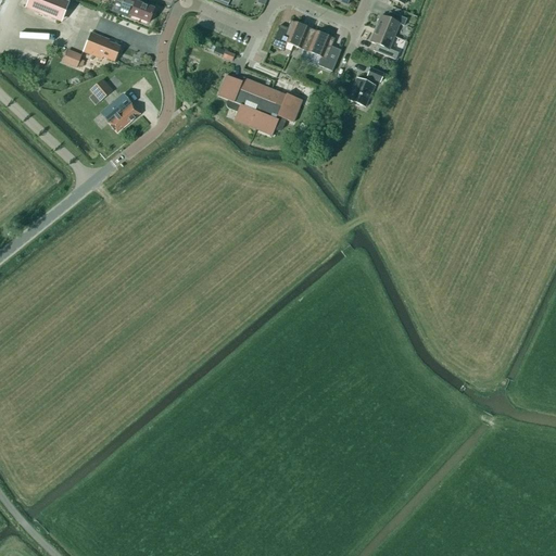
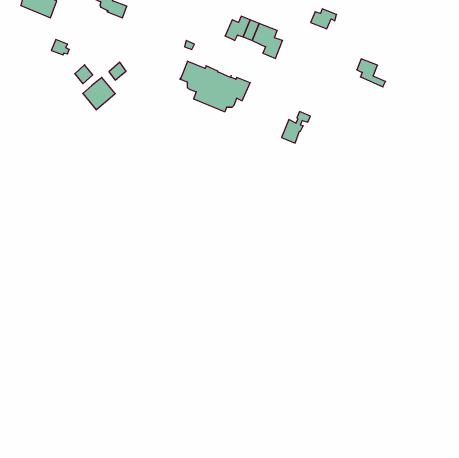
building: [370,27,405,61] -> [357,59,386,87]
building: [84,31,122,61] -> none
building: [350,67,384,105] -> [282,112,310,143]

